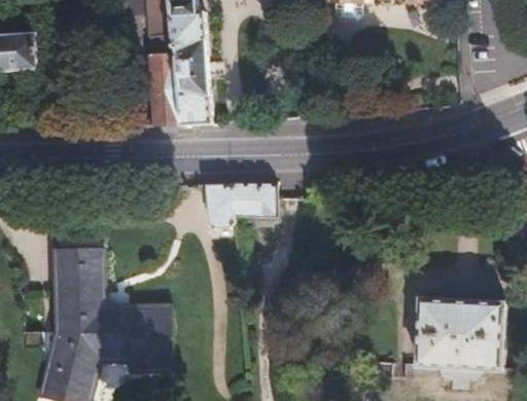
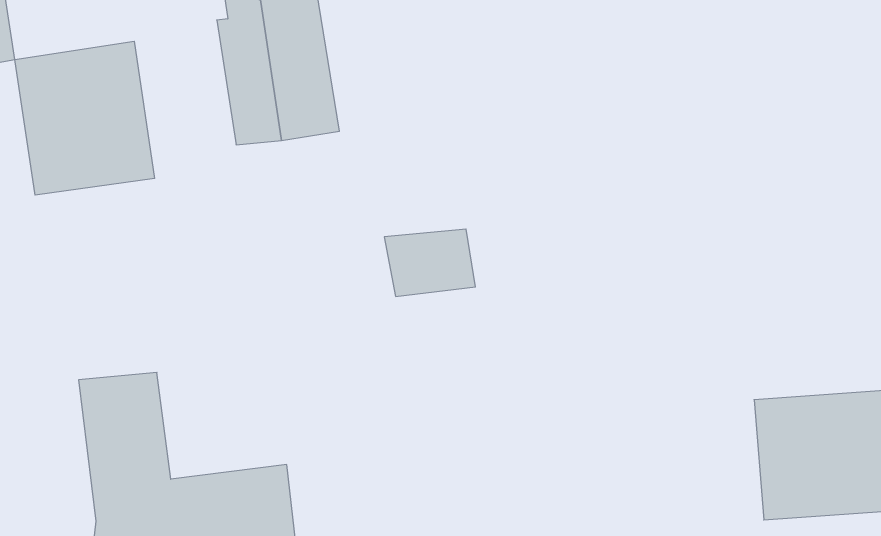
building: none -> [15,41,155,195]
building: [206,187,235,229] -> none

